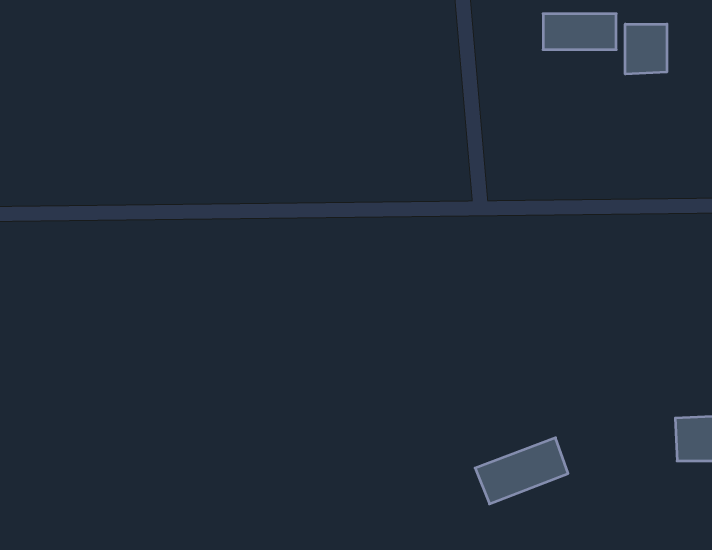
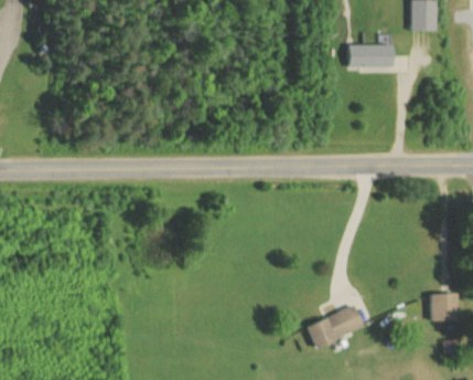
building: [625,24,667,74] -> none

